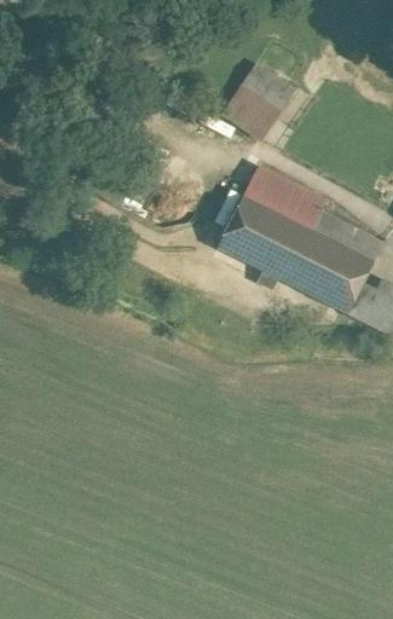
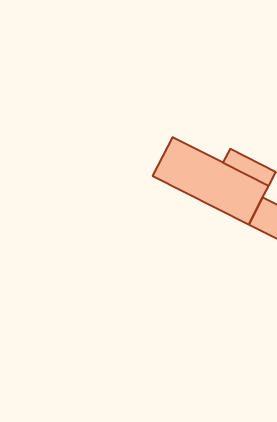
building: [222,63,297,140] -> none
building: [247,169,326,230] -> none

